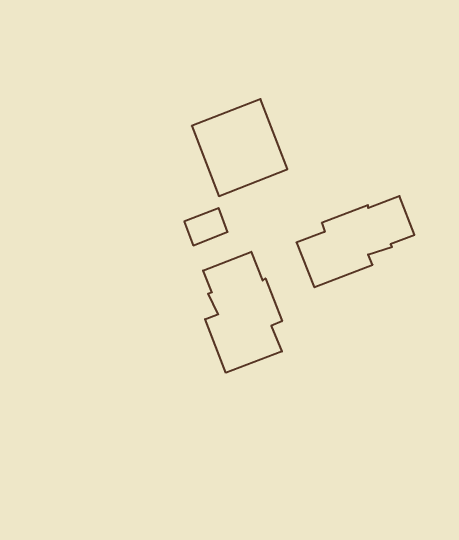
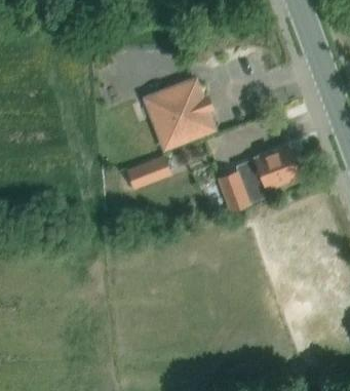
building: [203,252,282,373] -> none

